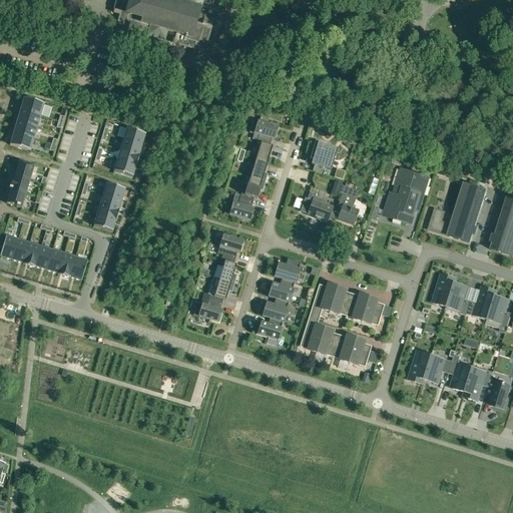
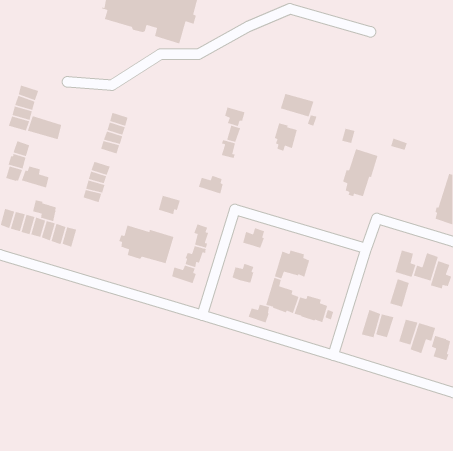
building: none -> [279,92,315,117]
building: none -> [27,115,62,140]
building: [239,175,265,201] -> none
building: [428,181,486,241] -> none
building: [334,182,358,222] -> none
building: none -> [21,165,50,188]
building: [301,190,332,220] -> none
building: none -> [32,199,57,222]
building: [217,233,243,256] -> [158,195,181,215]
building: none -> [118,225,175,264]
building: [432,272,455,308] -> [389,278,410,310]
building: [268,277,294,301] -> none
building: [345,292,384,324] -> none
building: [256,317,282,339] -> [248,304,270,323]

